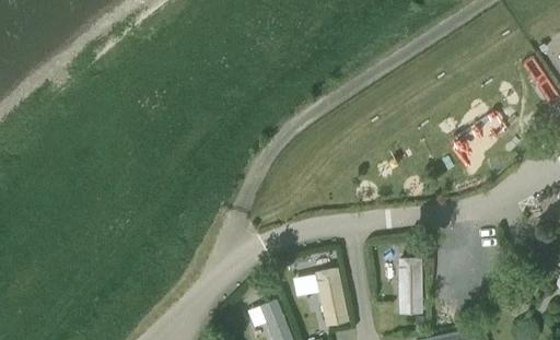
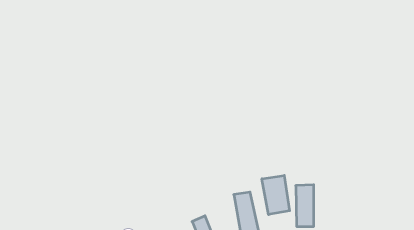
building: none -> [262,175,290,215]

